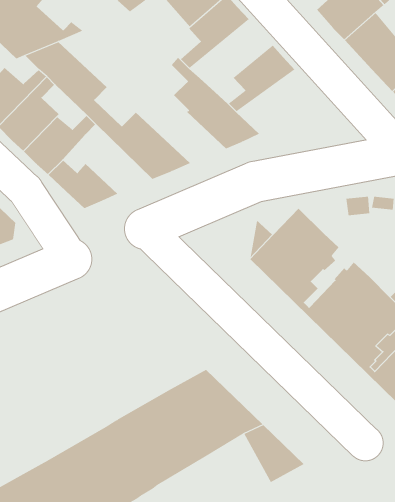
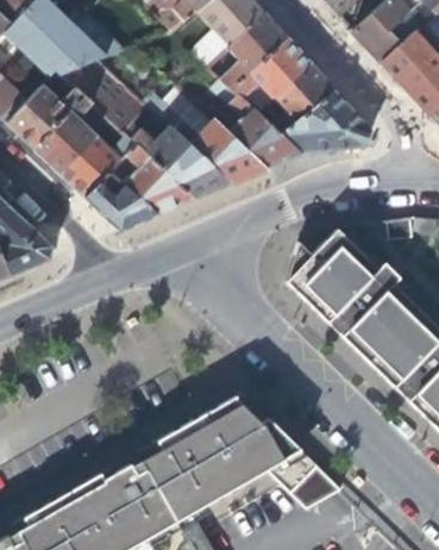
building: none -> [227,37,312,99]
building: none -> [275,88,372,154]
building: none -> [157,106,264,183]
building: none -> [120,144,189,214]
building: none -> [344,248,416,330]

